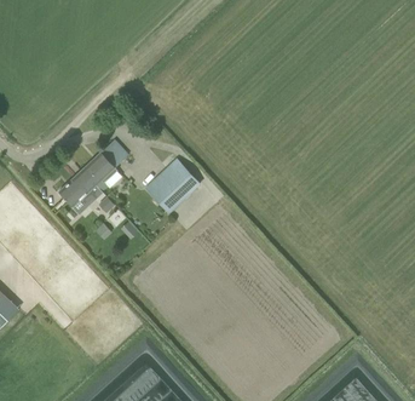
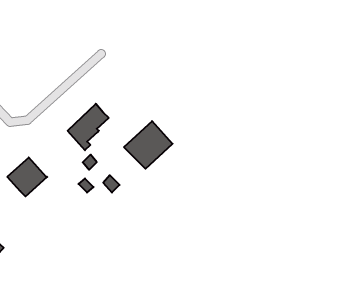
building: [58,171,103,214] -> [7,157,47,196]

